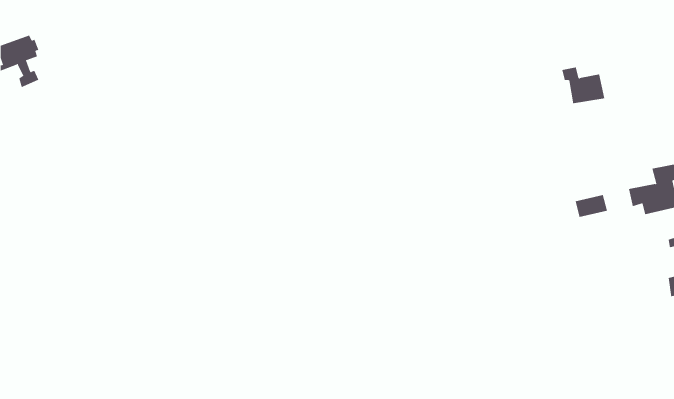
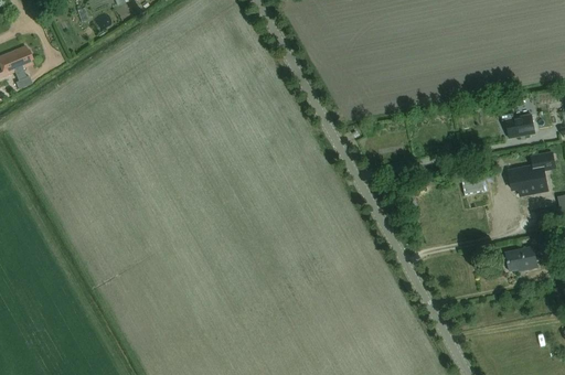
building: [562,67,605,104] -> [500,108,535,138]
building: none -> [505,246,537,271]

